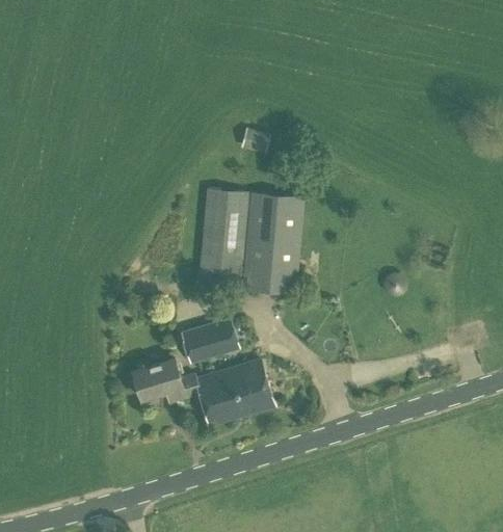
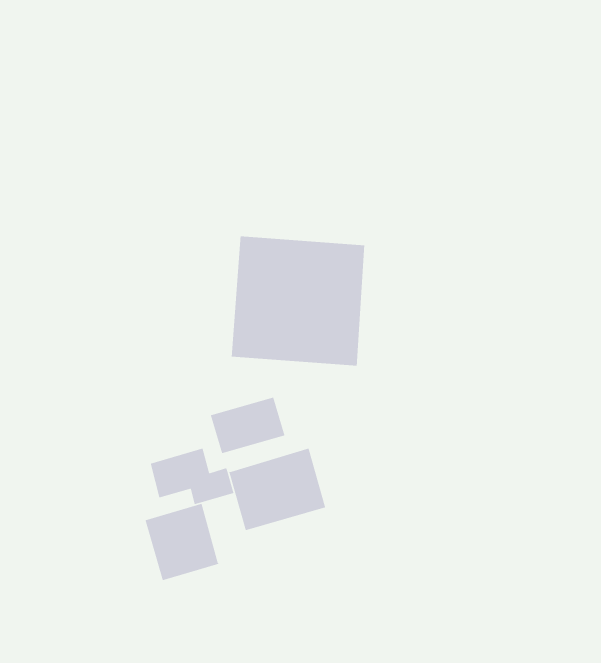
building: [241,128,271,155] -> none
building: none -> [144,503,220,581]

